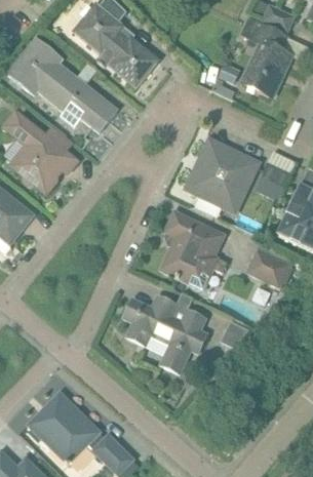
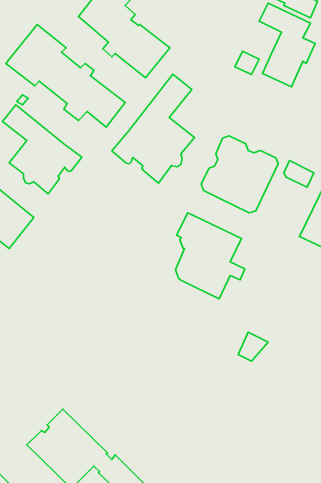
building: none -> [112,74,195,183]
building: [247,249,289,286] -> none
building: [123,294,207,373] -> none

